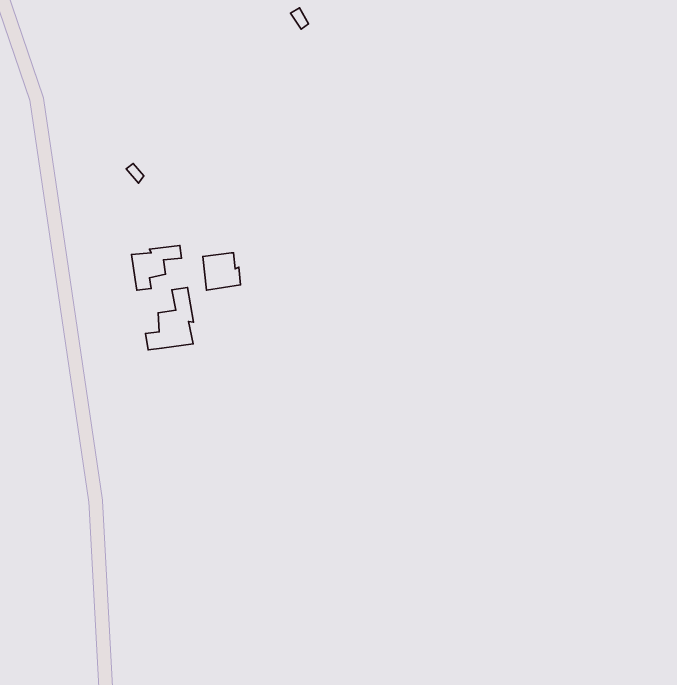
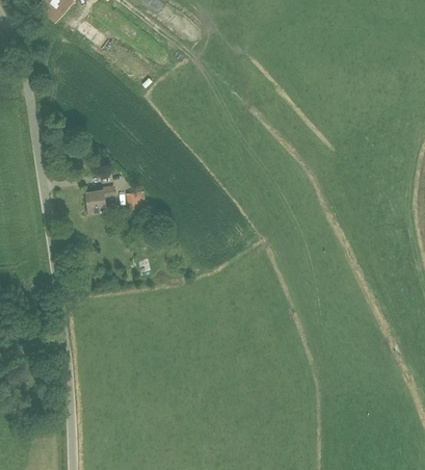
building: [146,287,193,350] -> none

